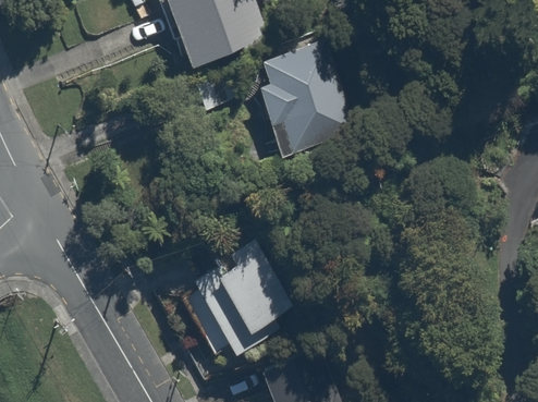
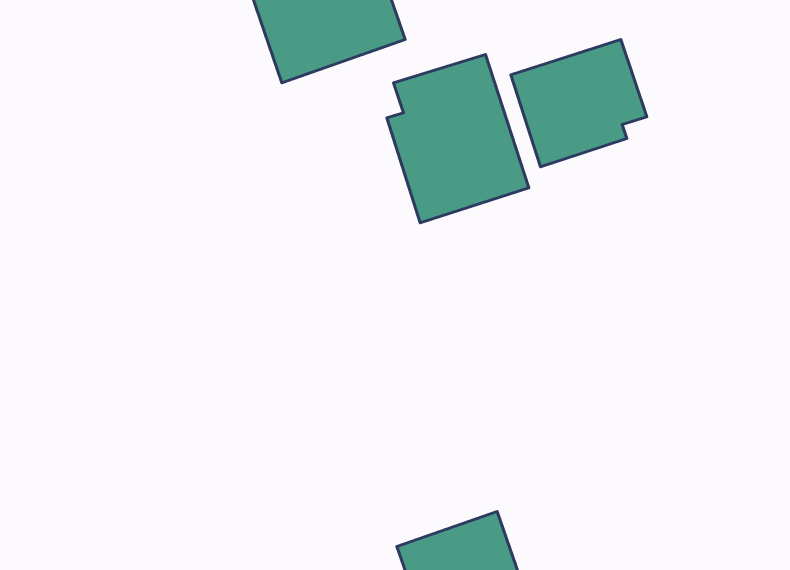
building: none -> [511,40,647,167]
building: [194,243,302,357] -> none

